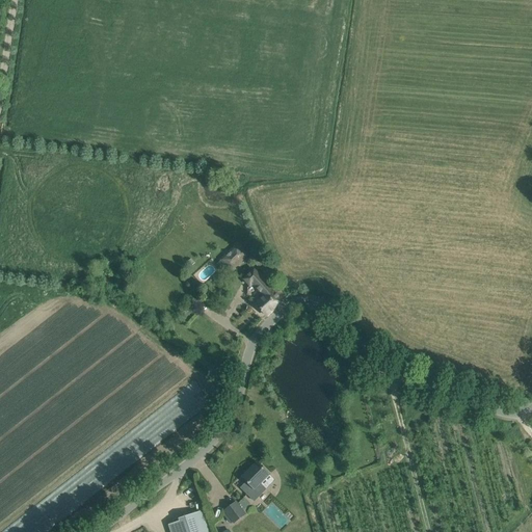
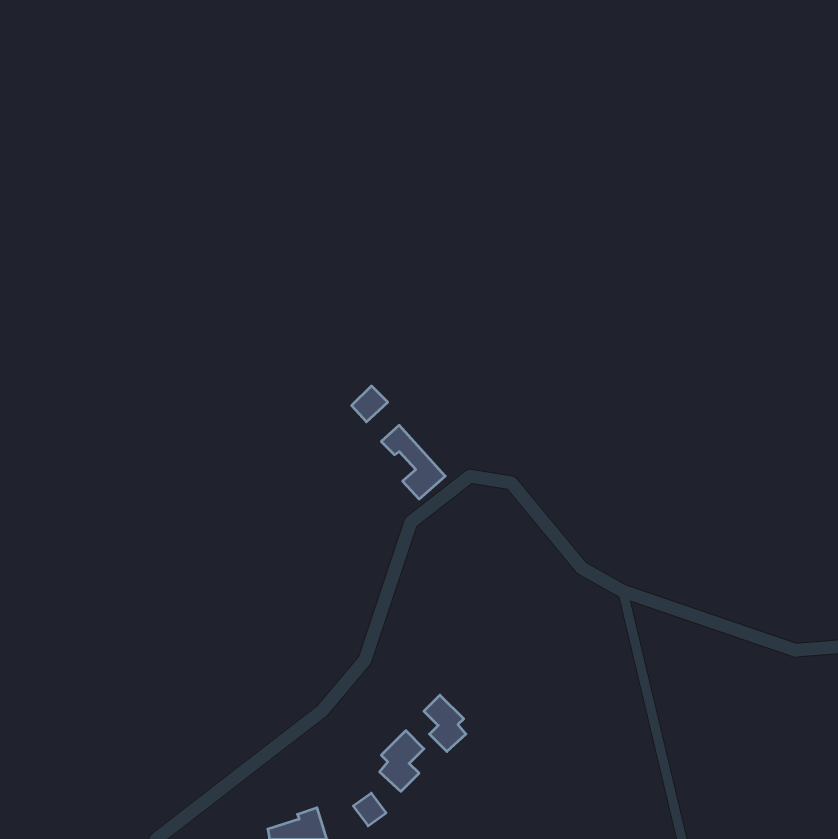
building: none -> [424,695,466,752]

